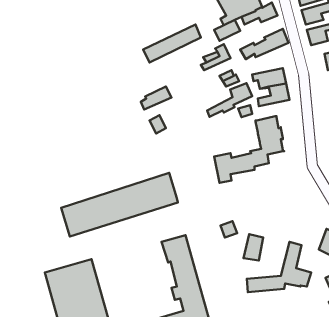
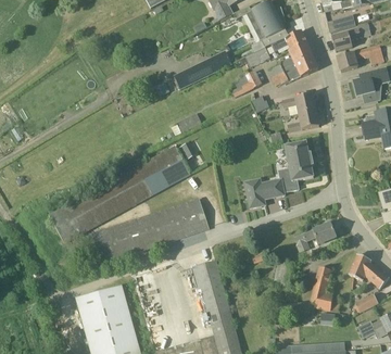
building: [207,83,252,117] -> [268,41,313,75]
building: none -> [51,143,191,240]
building: none -> [294,222,337,251]

